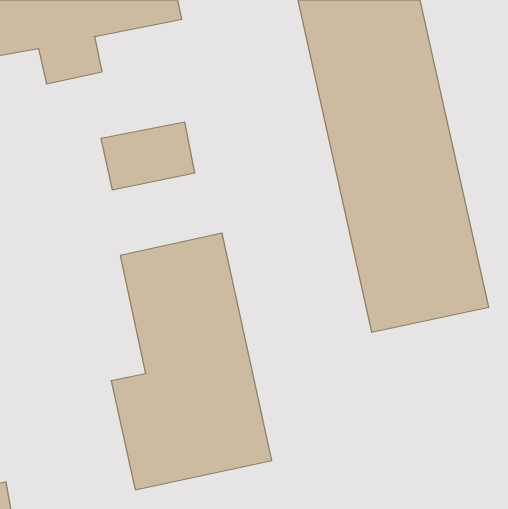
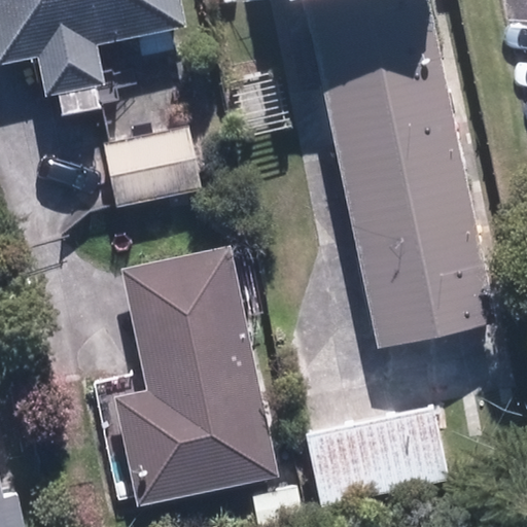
building: none -> [302,407,447,502]

